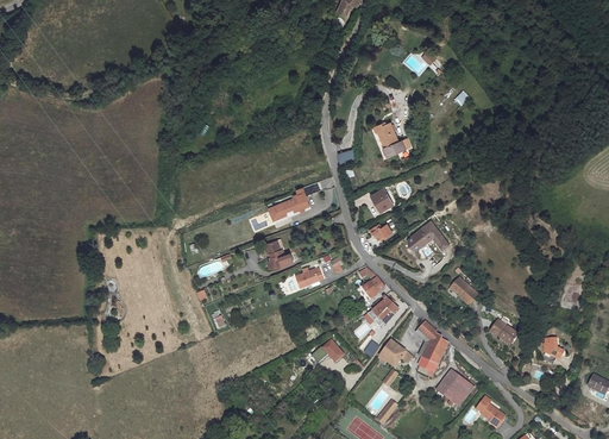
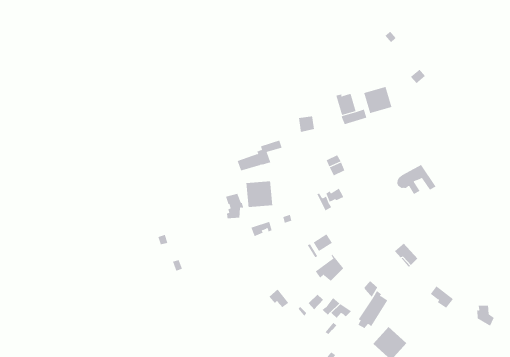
building: none -> [363,86,392,114]
building: [407,221,450,255] -> [397,164,436,195]
building: none -> [246,180,273,208]

